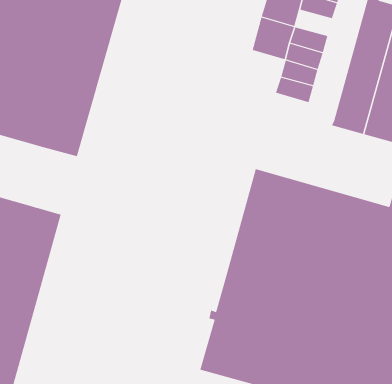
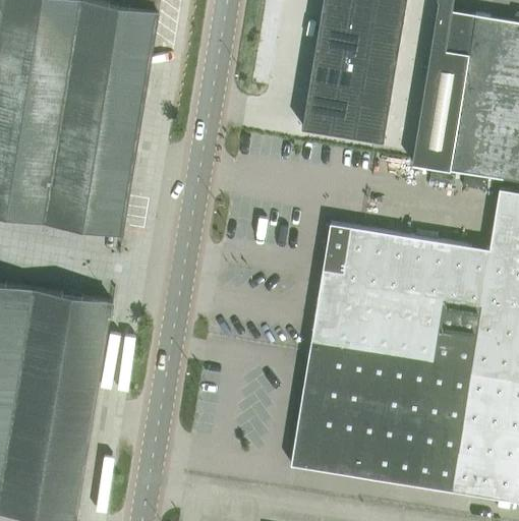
building: none -> [357,35,400,61]
building: none -> [303,88,350,134]

